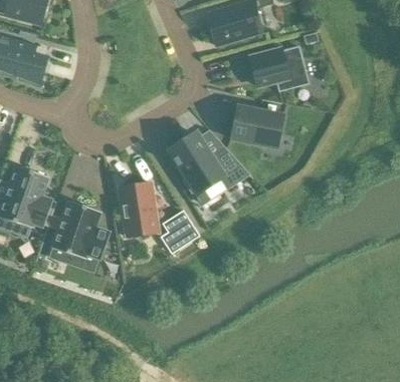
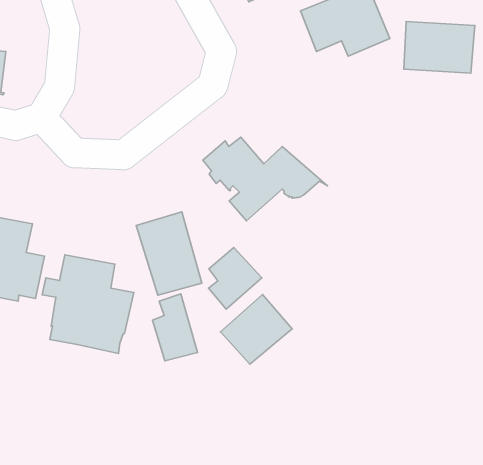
building: [231,105,283,146] -> [404,22,475,73]
building: none -> [153,294,197,361]
building: none -> [220,295,292,364]

